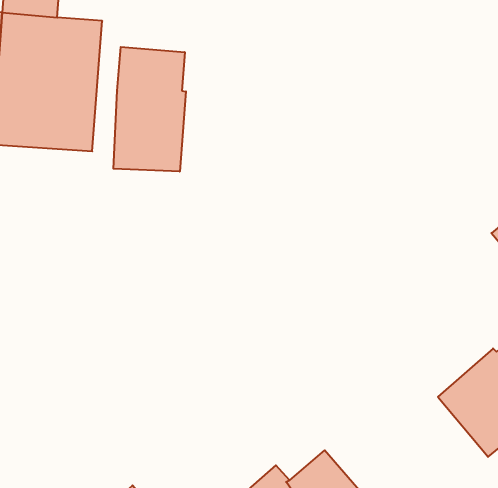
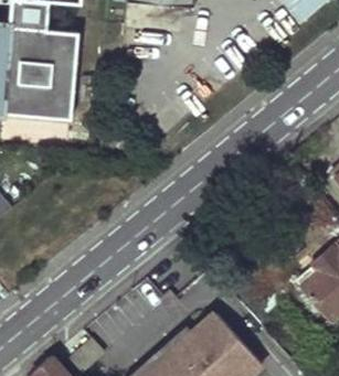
building: [113,47,186,172] -> none

